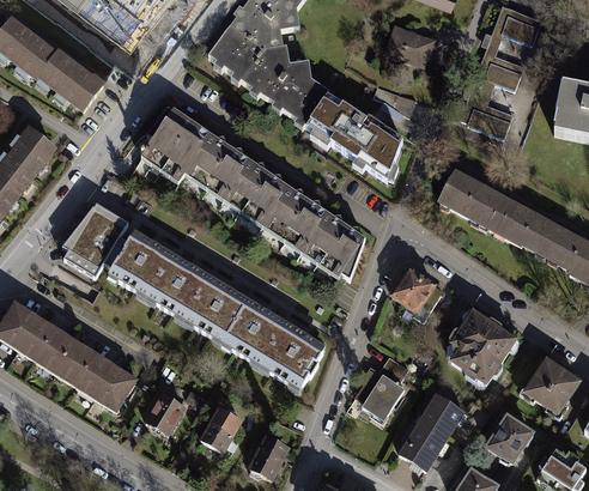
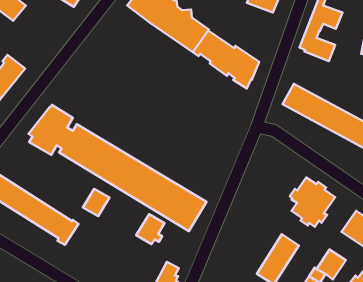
building: [41,53,105,110] -> none
building: [144,109,364,281] -> none
building: [390,267,439,319] -> none
building: [354,357,407,416] -> none
building: [147,393,187,434] -> [83,189,109,216]
building: [199,407,241,451] -> [136,214,165,244]

